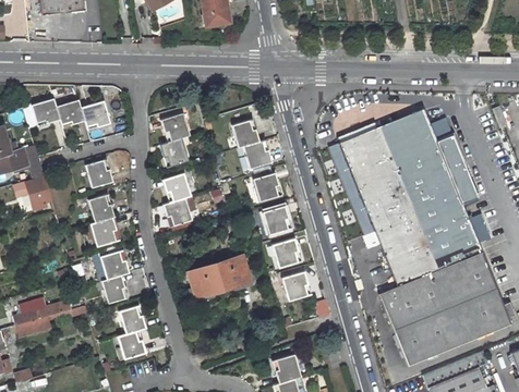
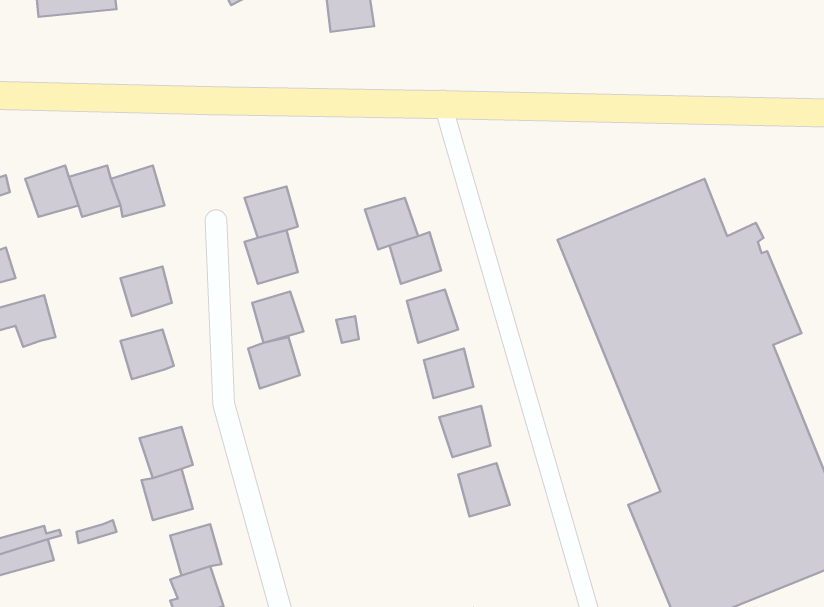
building: [92,218,121,246] -> none
building: [189,256,251,297] -> none

